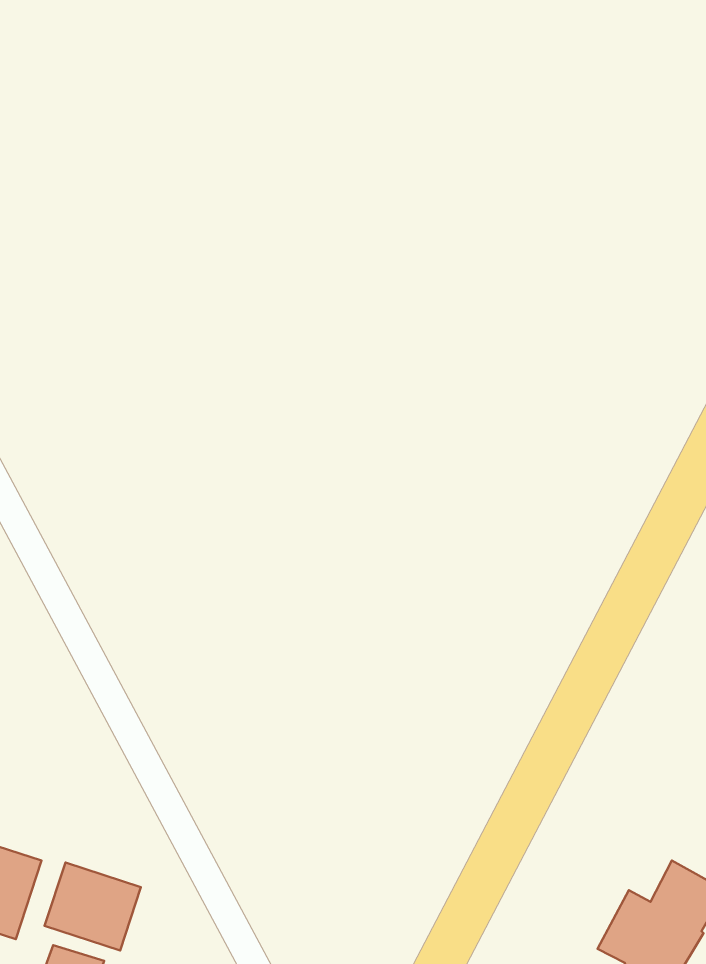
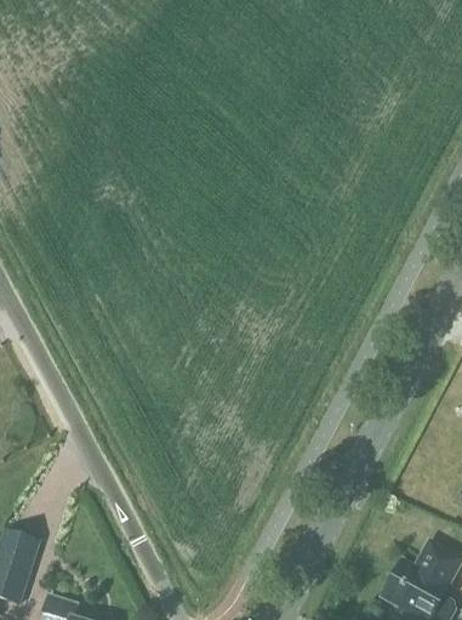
building: [45,863,141,950] -> none

